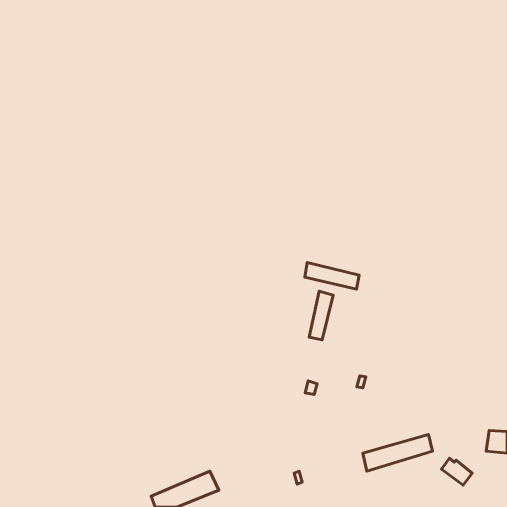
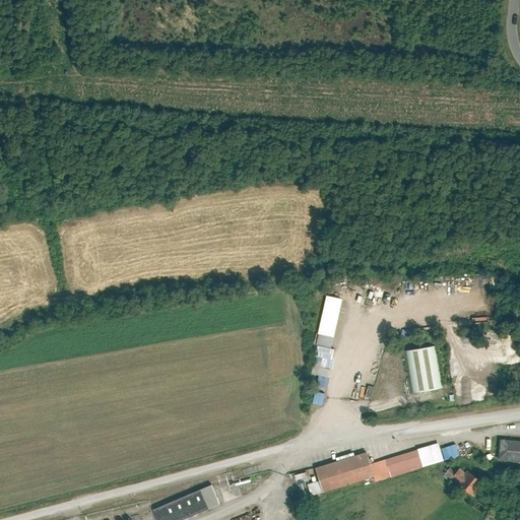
building: [305,262,359,289] -> none
building: none -> [404,345,442,392]
building: none -> [315,452,372,493]

